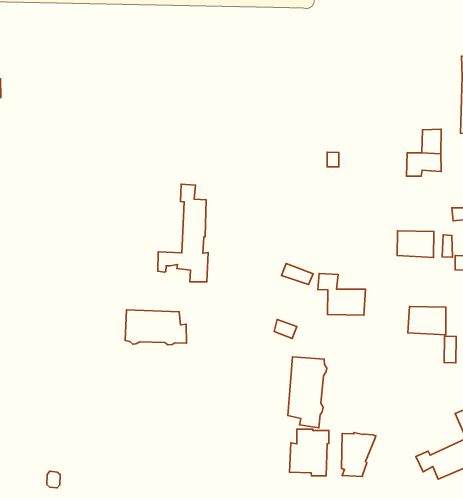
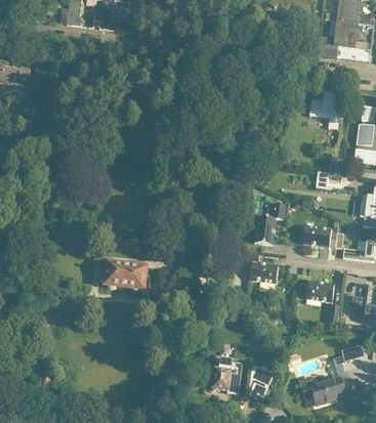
building: none -> [309,91,341,127]
building: [158,184,208,282] -> none
building: none -> [254,202,286,244]
building: [288,357,327,428] -> none

